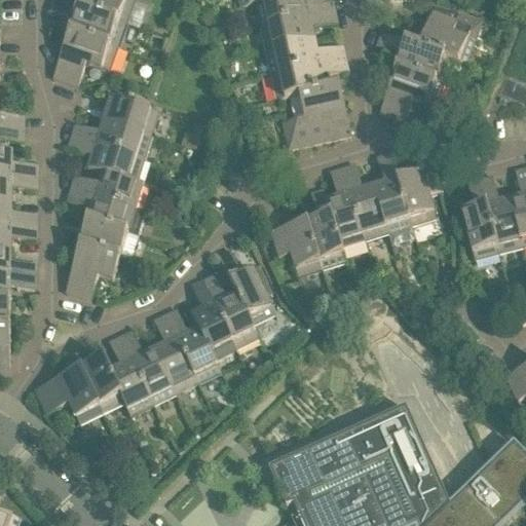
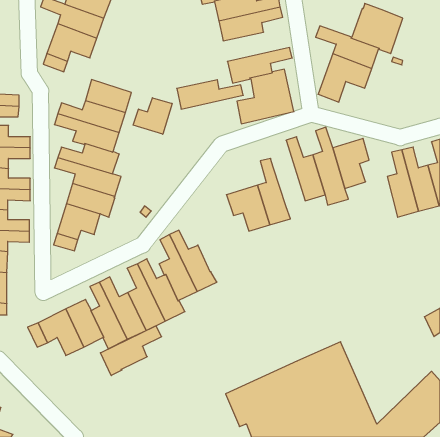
building: [265,38,344,73] -> [177,80,243,109]
building: none -> [133,98,172,134]
building: [325,166,363,246] -> none
building: [217,249,273,323] -> none
building: none -> [100,326,162,376]

